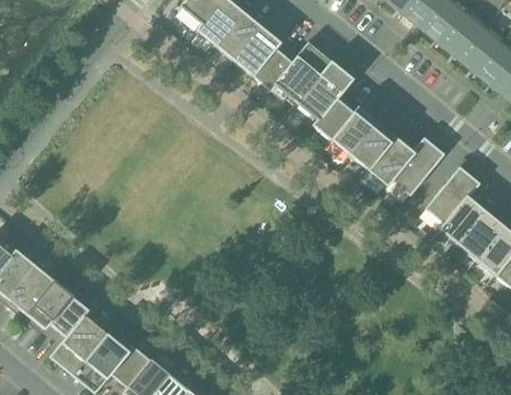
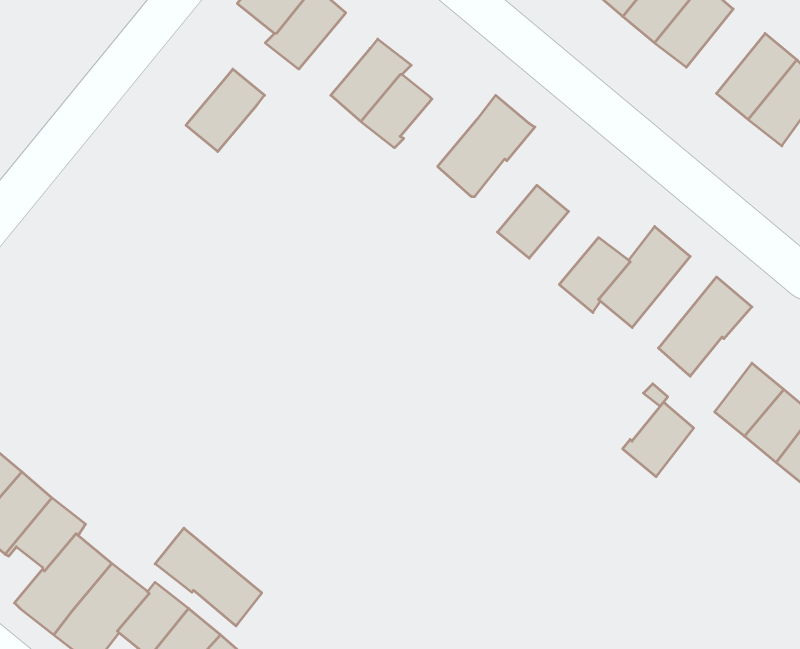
building: [443,11,489,60] -> none
building: [217,13,263,61] -> [186,69,265,152]
building: [276,43,332,103] -> none
building: [313,98,356,141] -> none
building: [351,129,392,172] -> none
building: [440,202,481,246] -> [623,402,694,477]
building: none -> [155,528,262,626]

